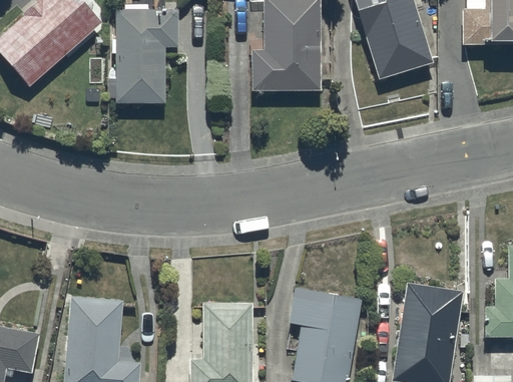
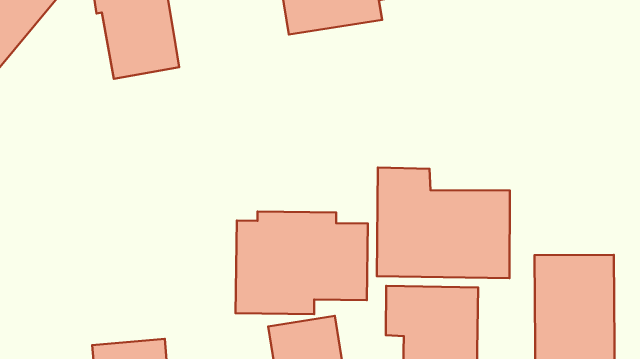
building: none -> [377,168,510,278]
building: none -> [235,212,368,314]

